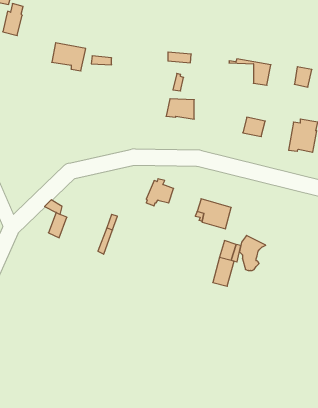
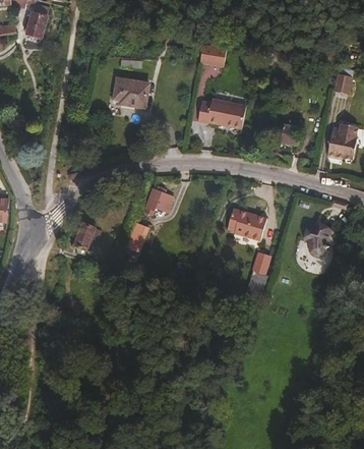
building: [52,43,86,71] -> [114,76,149,106]
building: [229,59,271,85] -> [202,100,246,127]
building: [146,179,174,206] -> [146,186,175,215]
building: [240,235,266,270] -> [309,219,337,256]

